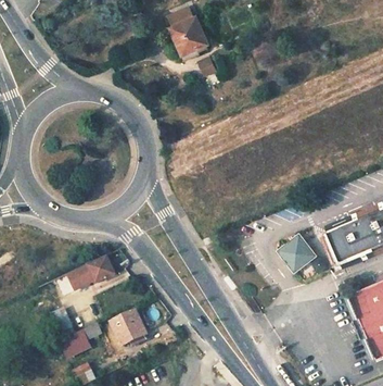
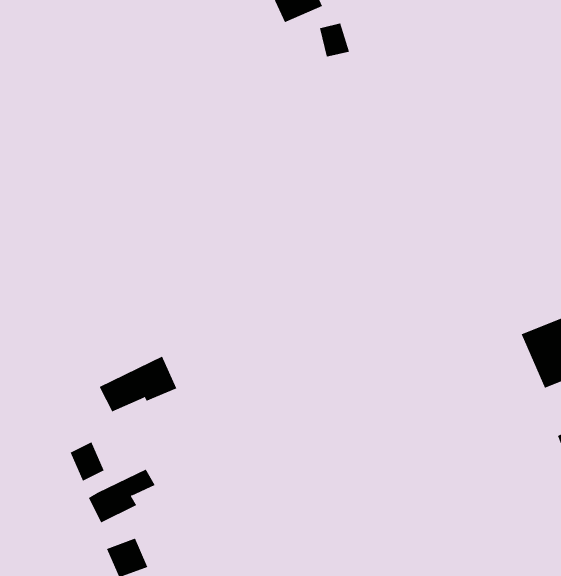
building: [278,240,315,277] -> none
building: [111,306,150,343] -> none

